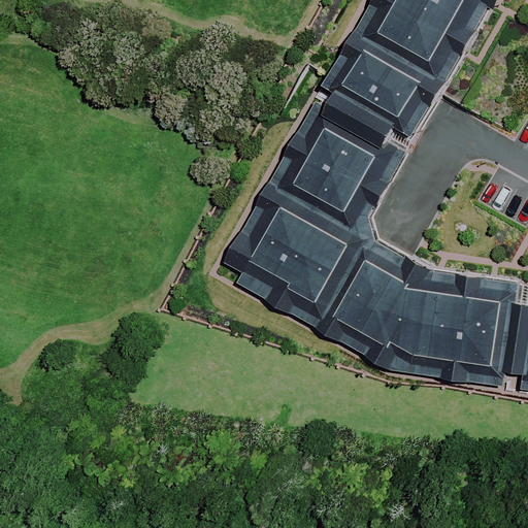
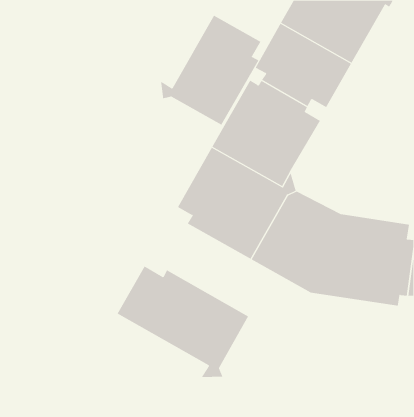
building: none -> [160,15,261,126]
building: none -> [117,266,249,378]

